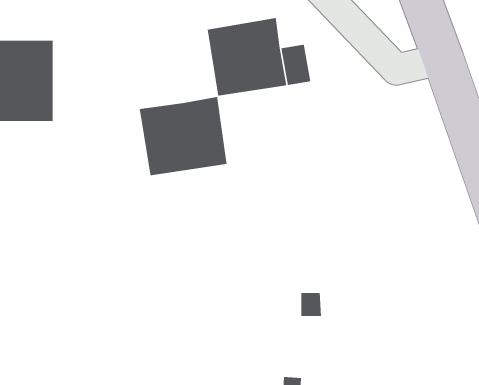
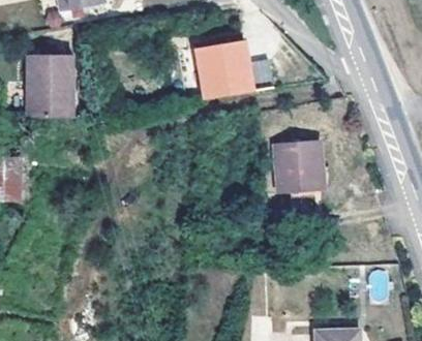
building: [139,96,227,176] -> none
building: none -> [277,141,323,193]

